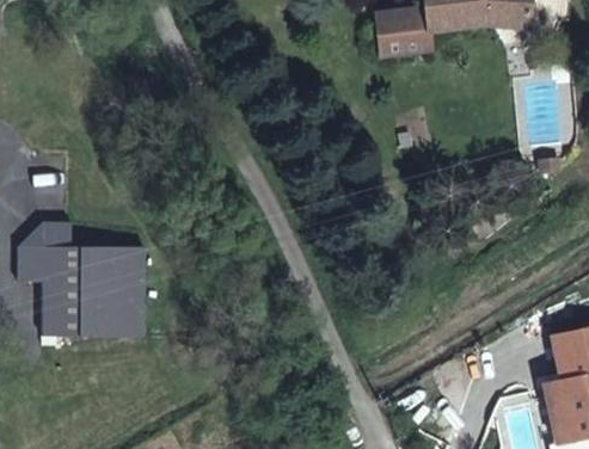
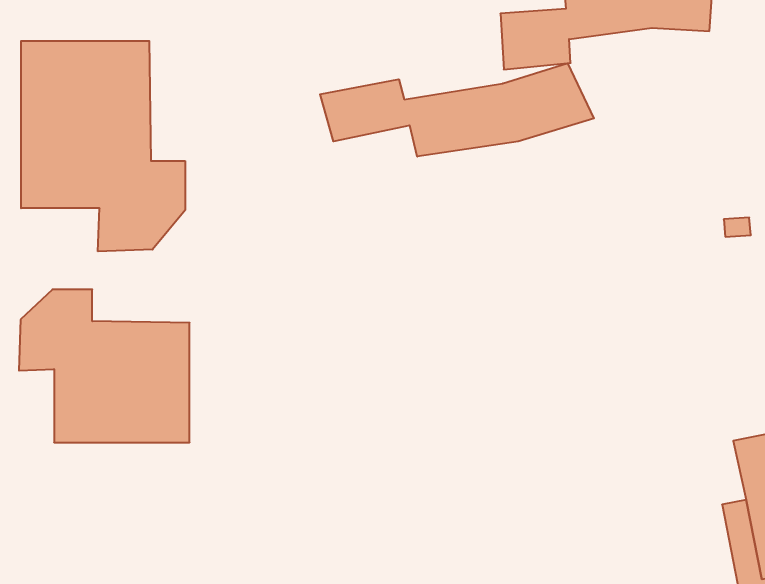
building: none -> [21,41,185,251]
building: none -> [320,63,594,157]

